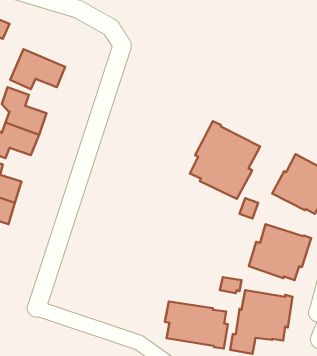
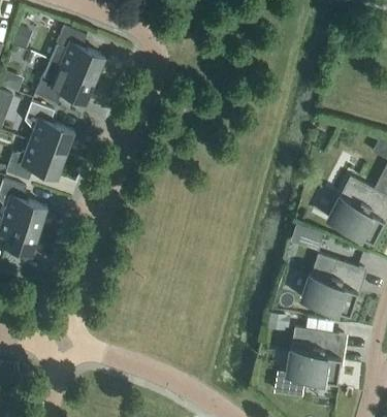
building: none -> [49,26,105,79]
building: [190,121,260,199] -> none
building: [165,302,228,348] -> none

